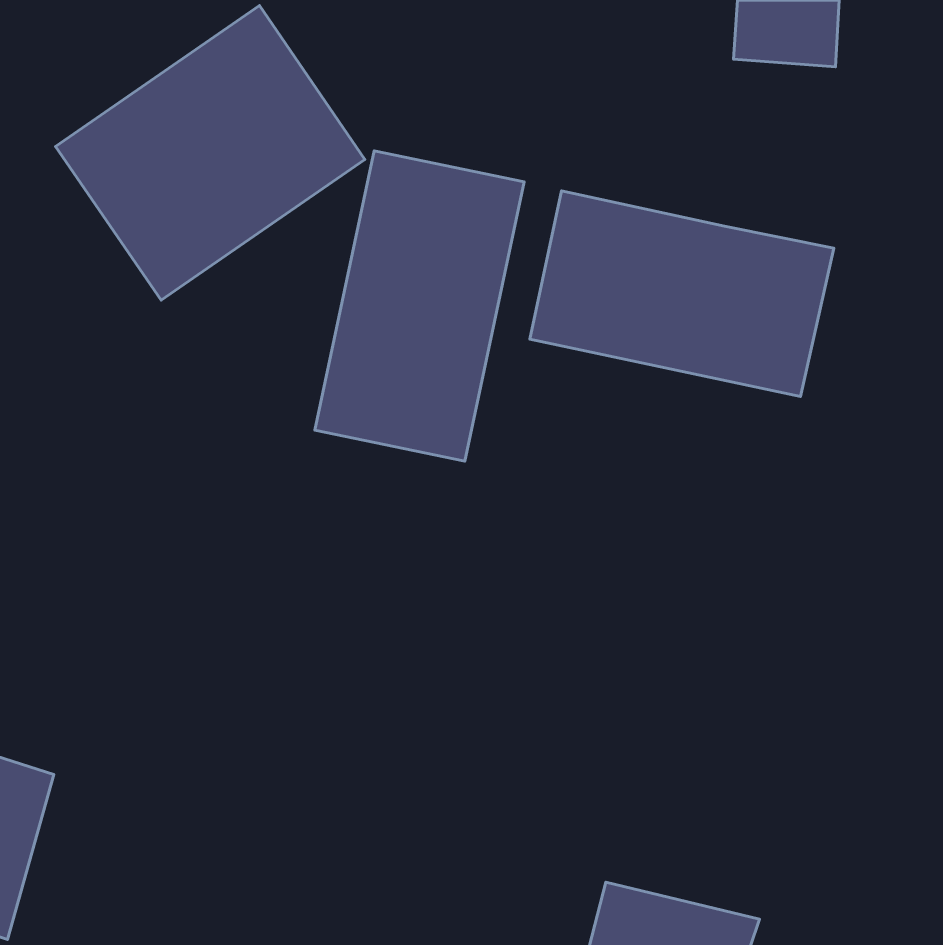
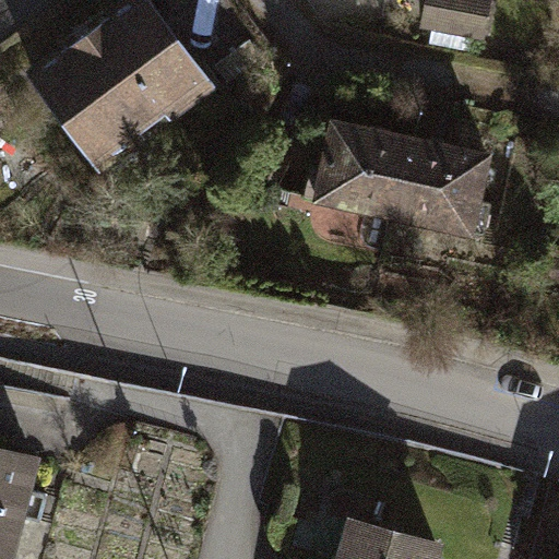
building: [315,151,524,461] -> none

